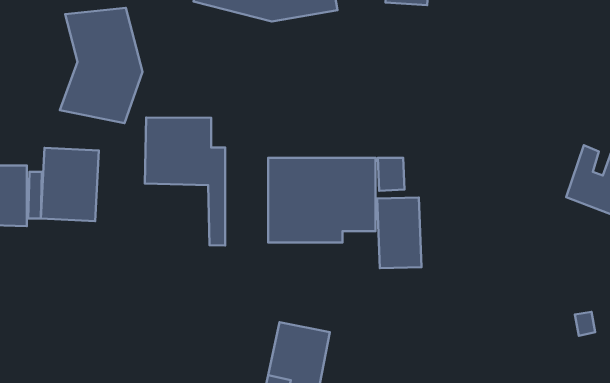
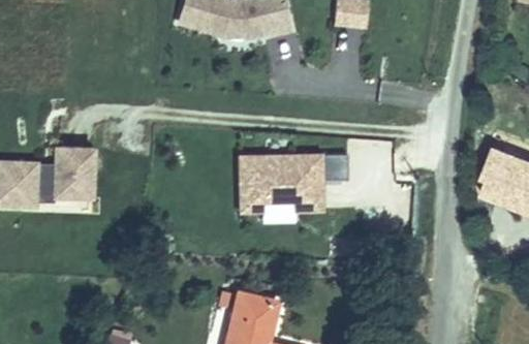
building: [60,8,143,123] -> none
building: [145,117,225,245] -> none
building: [377,197,421,268] -> none

